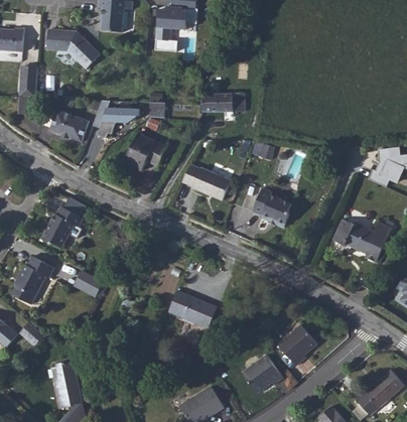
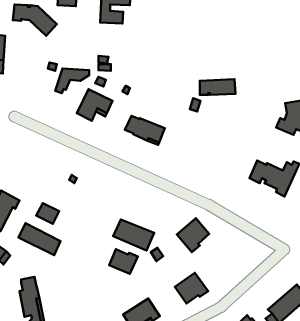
building: [202,92,246,111] -> [200,79,235,95]
building: [49,109,89,141] -> none
building: [253,187,291,227] -> none
building: [41,205,83,247] -> none
building: none -> [19,223,60,255]
building: [278,323,317,365] -> [177,218,209,252]
building: none -> [109,249,138,274]

